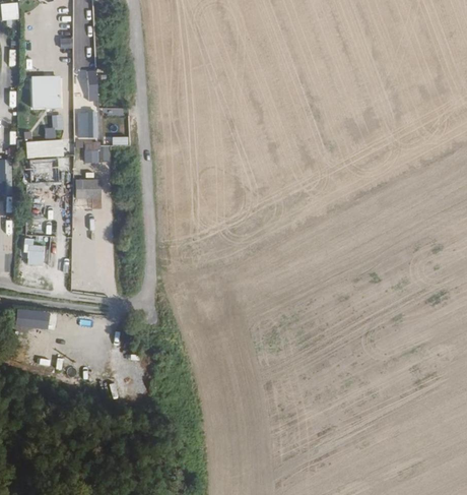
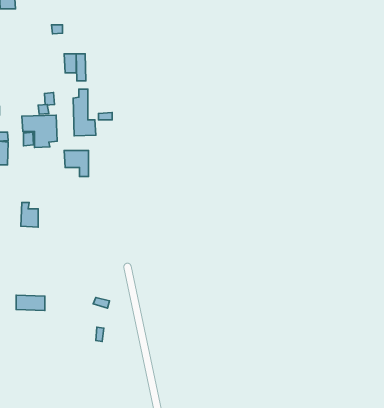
building: [31,75,62,111] -> none
building: [16,310,49,327] -> [16,295,45,310]

